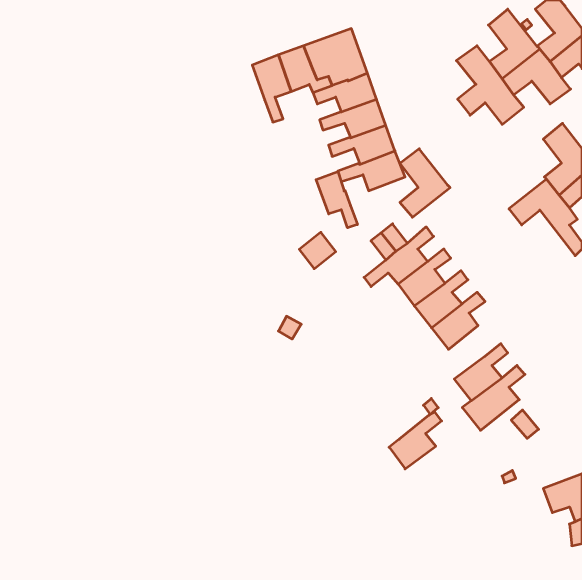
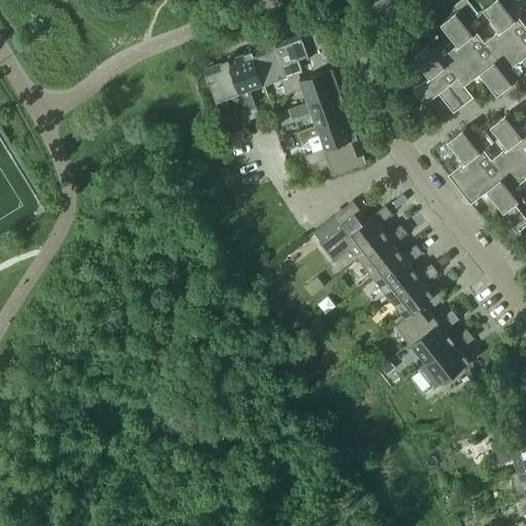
building: none -> [203,62,238,121]
building: [400,149,450,217] -> [447,129,492,191]
building: [316,171,357,228] -> none
building: [299,232,336,269] -> [314,220,347,253]
building: [389,412,442,469] -> [394,293,442,344]

